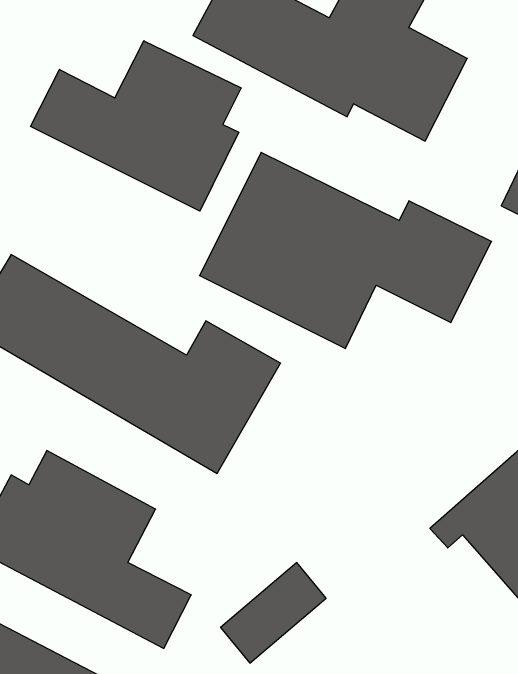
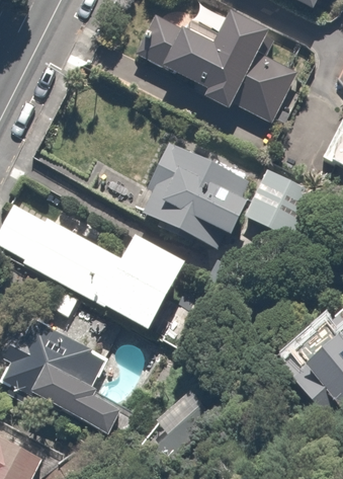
building: [31,41,241,211] -> none

